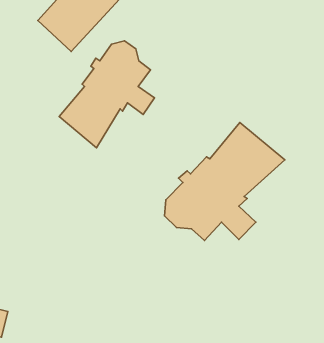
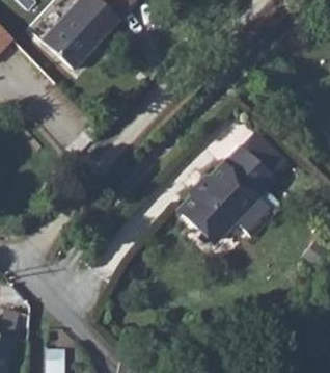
building: [59,41,155,148] -> none

